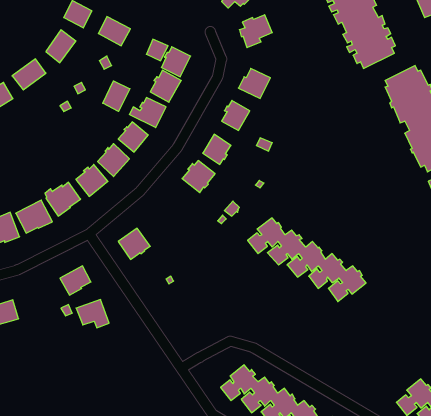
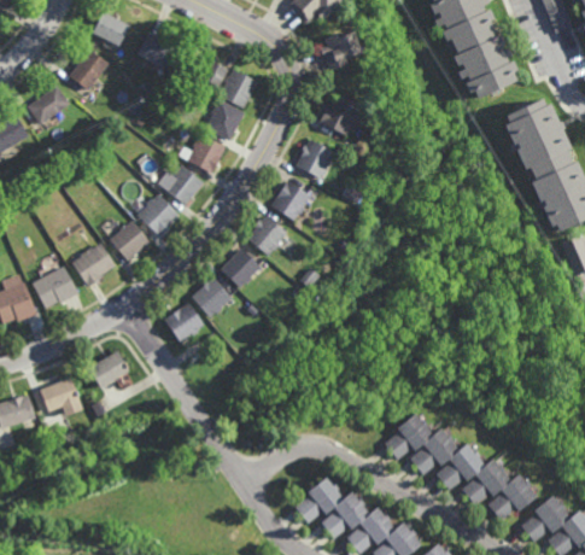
building: [103,81,130,111] -> none
building: none -> [220,249,261,288]
building: none -> [191,278,232,317]
building: [248,218,366,302] -> [385,414,537,521]
building: [76,300,109,328] -> [40,379,82,415]

